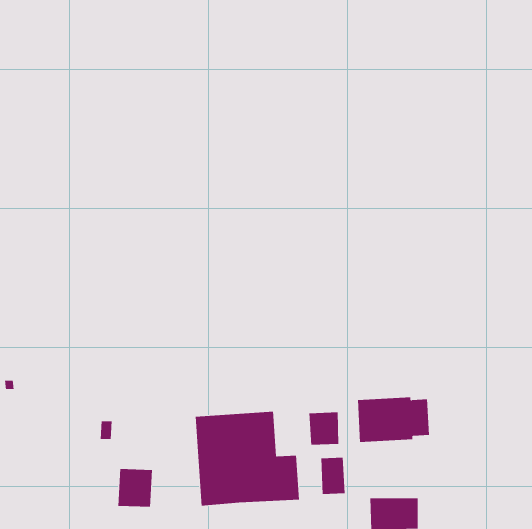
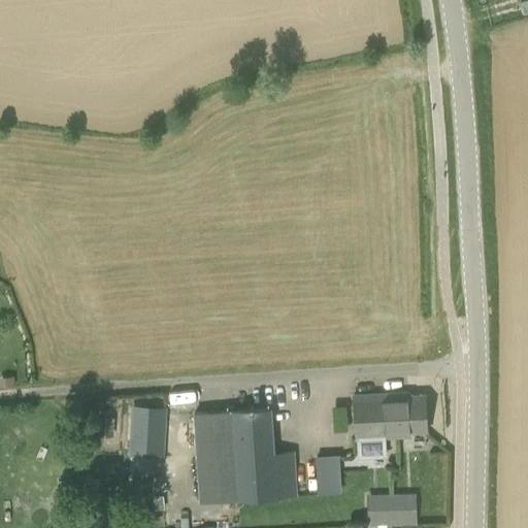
building: [309,412,339,446] -> none
building: [117,469,153,507] -> [129,410,164,449]

